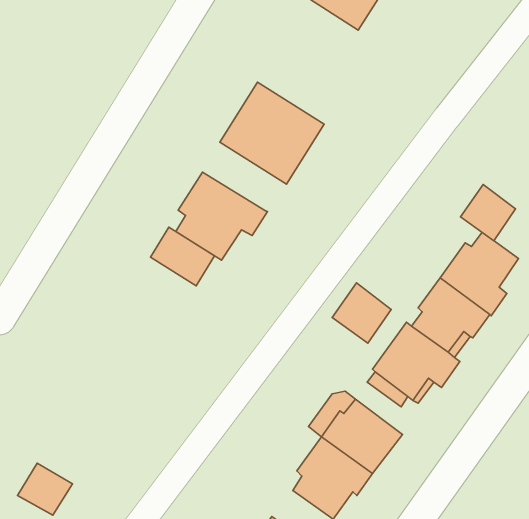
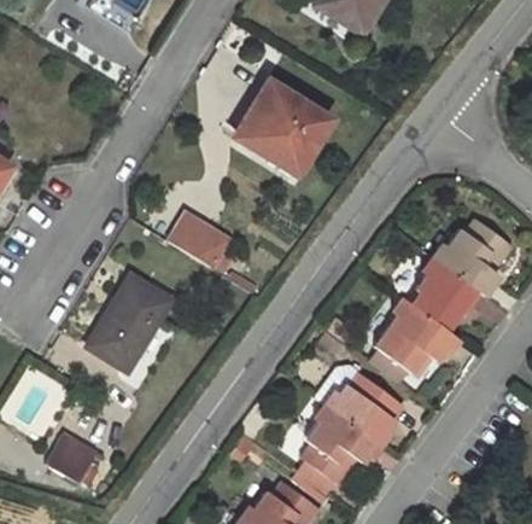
building: [176,172,268,260] -> none
building: [460,185,515,241] -> none
building: [332,283,391,343] -> none
building: none -> [89,276,171,369]

